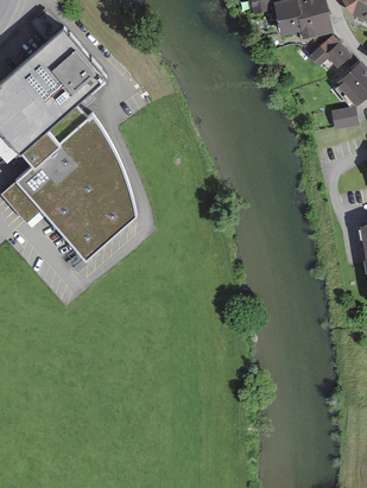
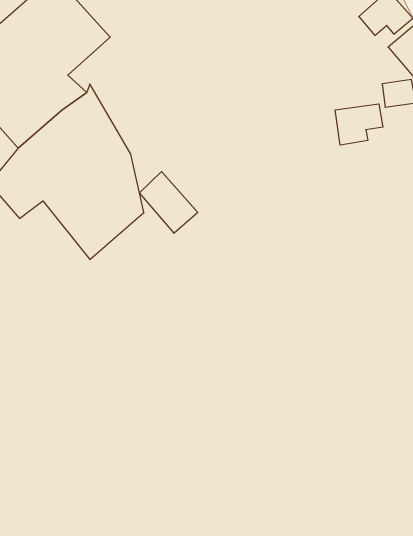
building: none -> [335,104,383,145]
building: none -> [139,172,198,233]

